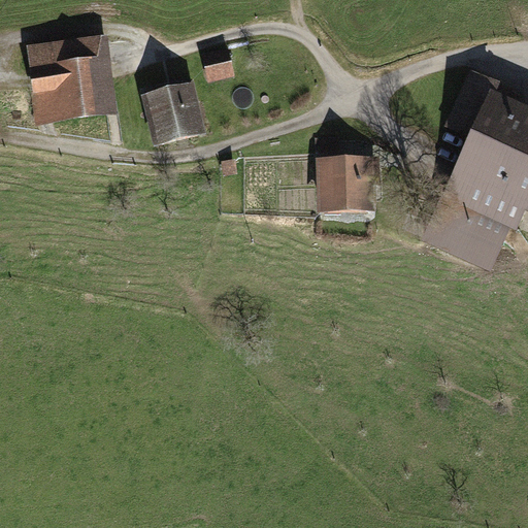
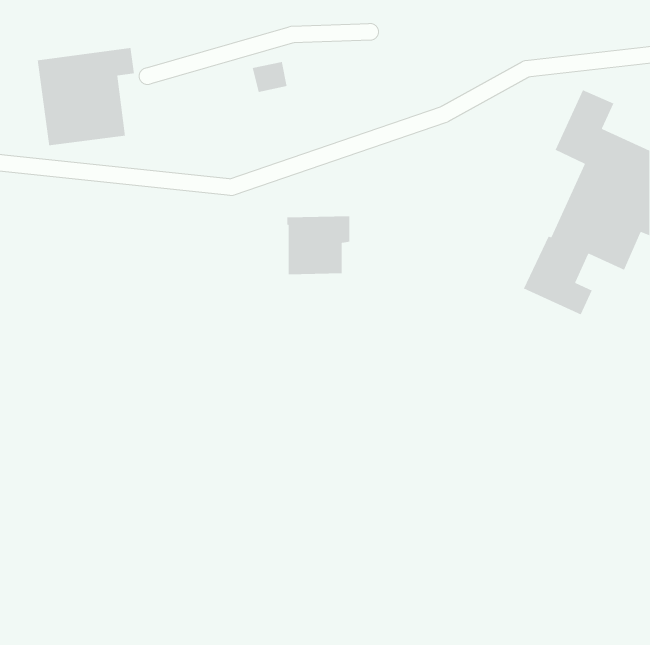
building: [150,87,198,139] -> none
building: [323,159,374,207] -> [286,215,350,275]

